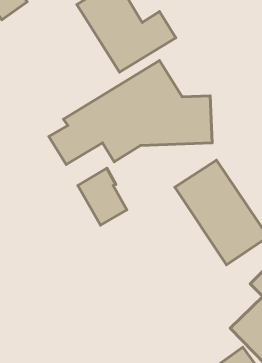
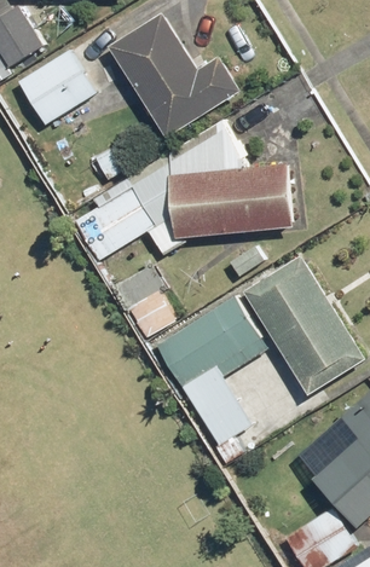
building: none -> [18,48,96,125]
building: none -> [155,293,267,445]

